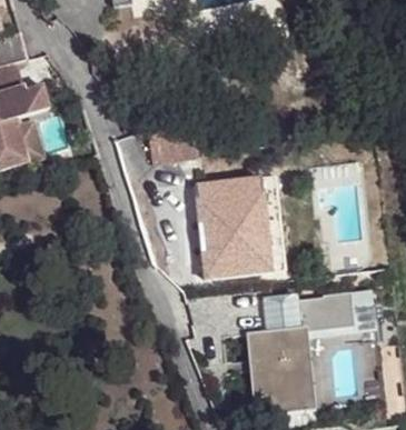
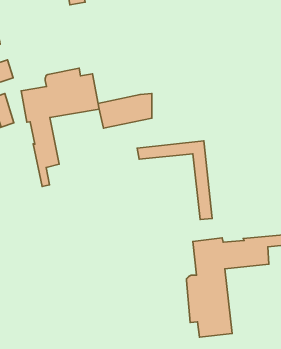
building: none -> [21,68,99,186]
building: [197,191,271,278] -> none

